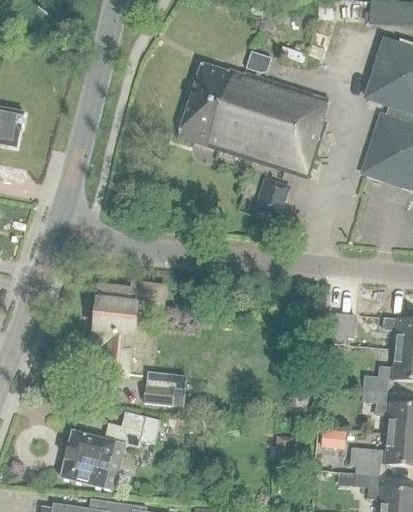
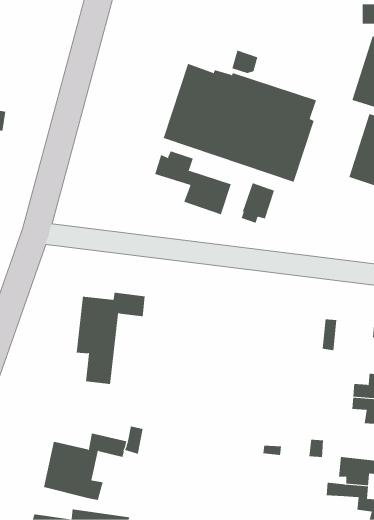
building: none -> [154,150,231,215]
building: [143,380,184,405] -> none

